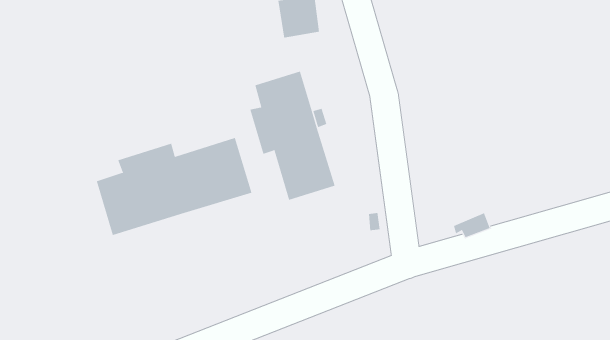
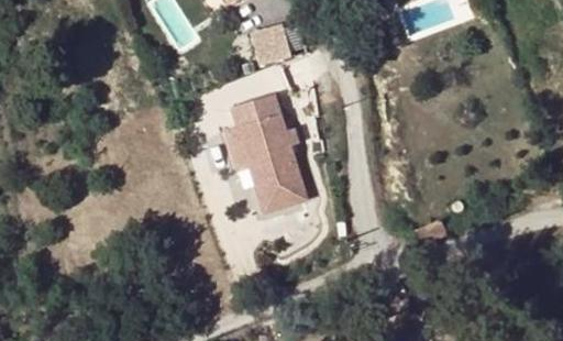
building: [96,137,252,236] -> none

